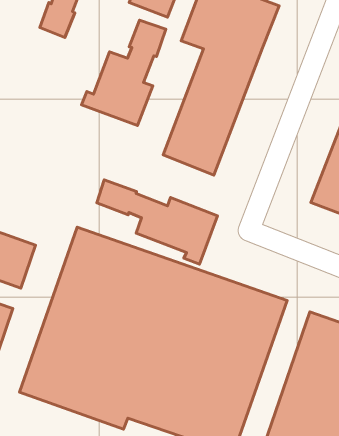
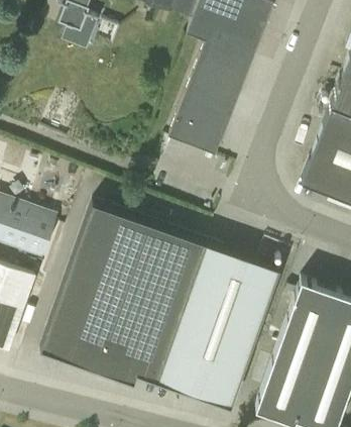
building: [82,20,166,126] -> none
building: [97,180,218,264] -> none

